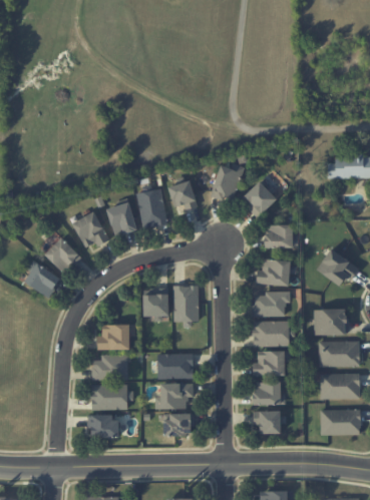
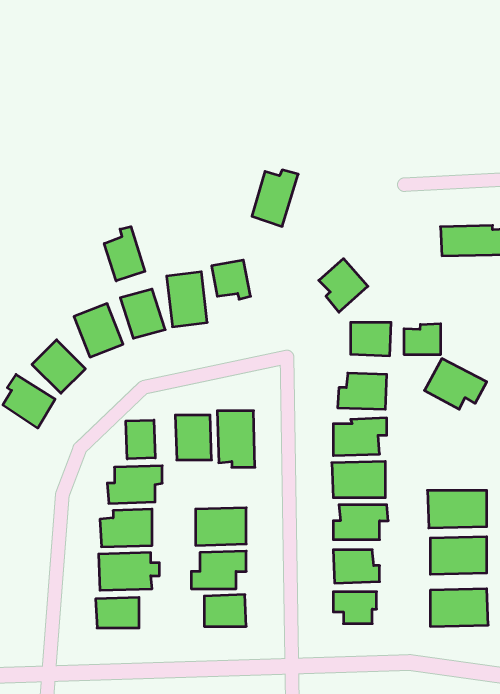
building: none -> [104,227,145,281]
building: [212,163,244,202] -> [252,170,298,226]
building: none -> [404,324,441,355]
building: none -> [126,420,155,459]
building: [314,309,347,335] -> none

